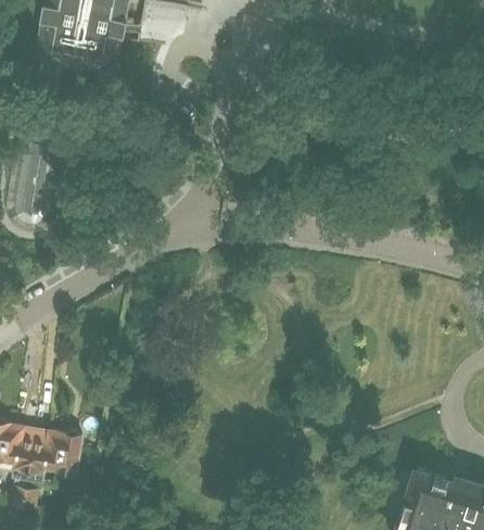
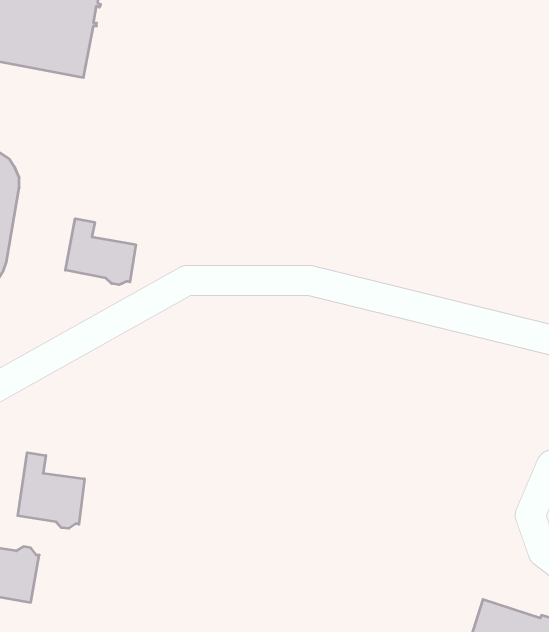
building: none -> [65,219,136,285]
building: none -> [18,453,84,528]

